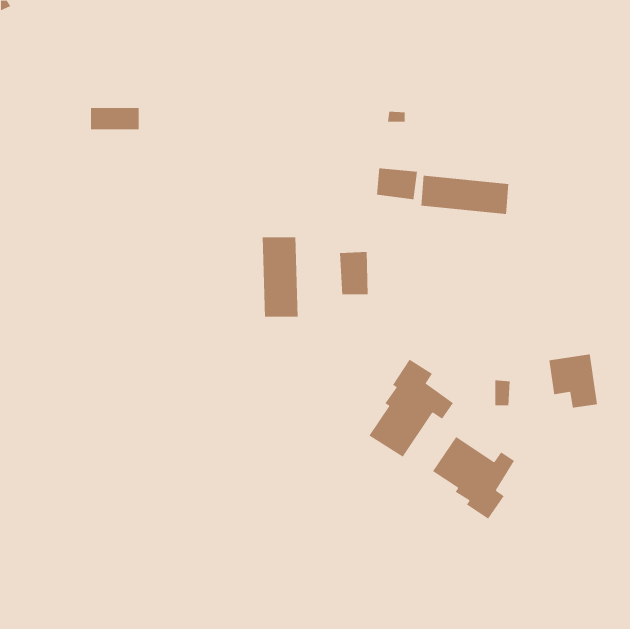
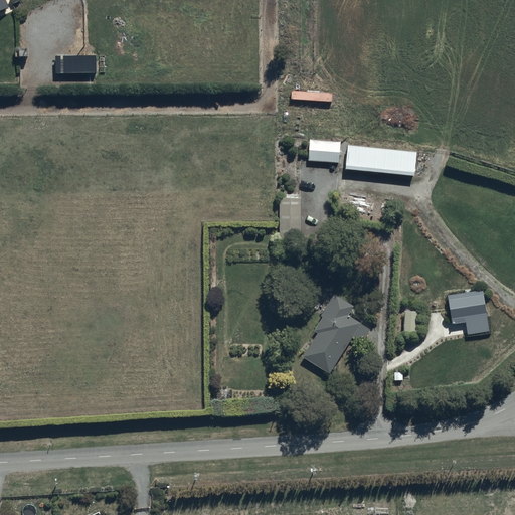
building: [90,108,140,130] -> [54,55,95,73]
building: [262,237,298,318] -> none
building: [432,436,515,519] -> none

